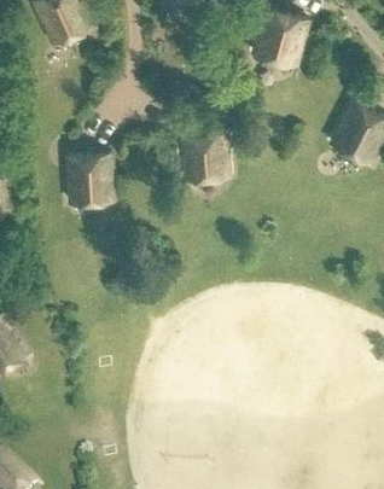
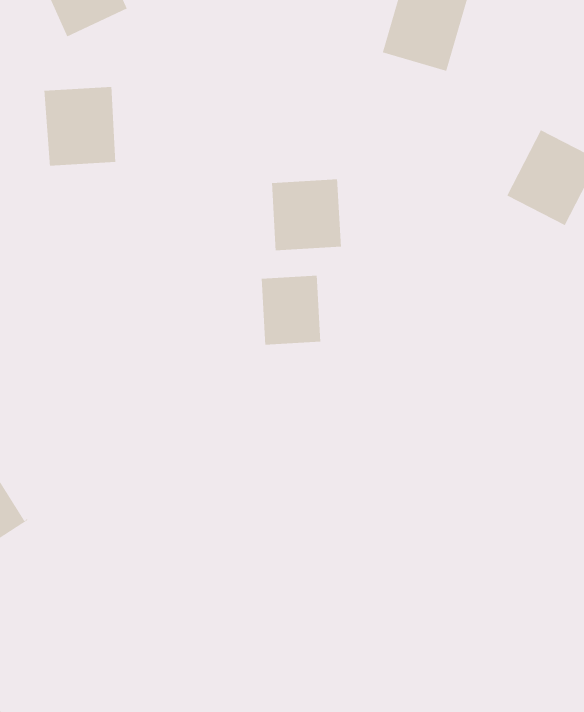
building: [68,155,114,205] -> [43,86,116,166]
building: none -> [261,275,321,346]

